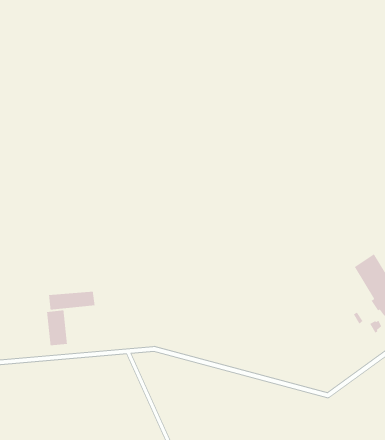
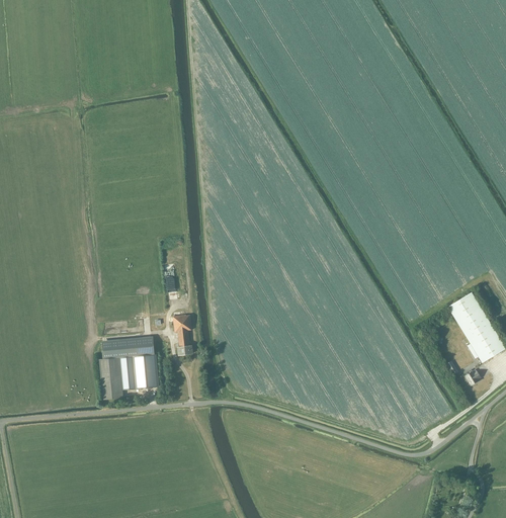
building: none -> [174,314,193,353]
building: none -> [121,353,158,388]

